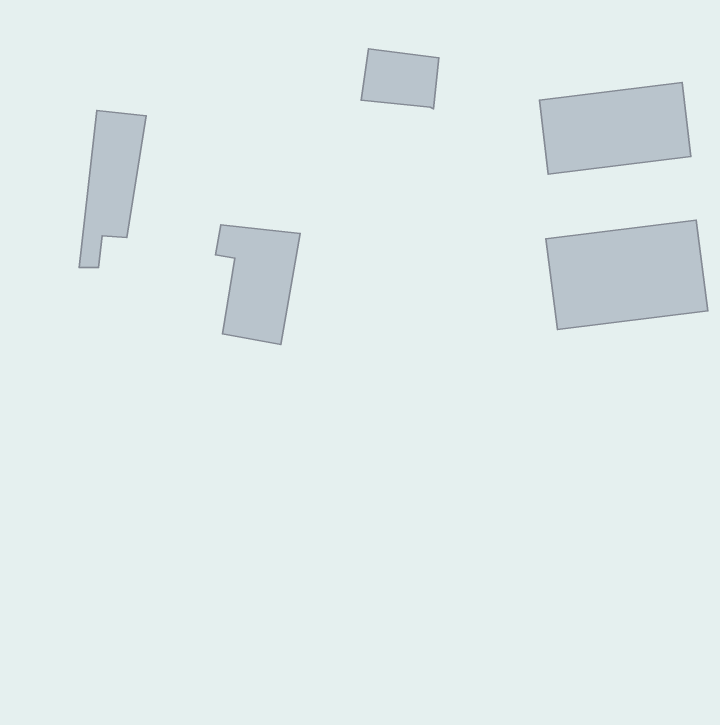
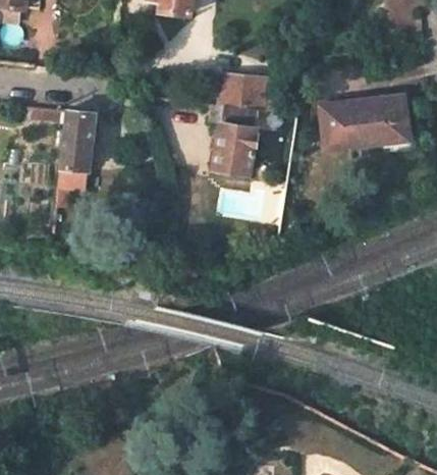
building: [546,220,708,330] -> none
building: [215,225,300,345] -> [210,105,259,174]

